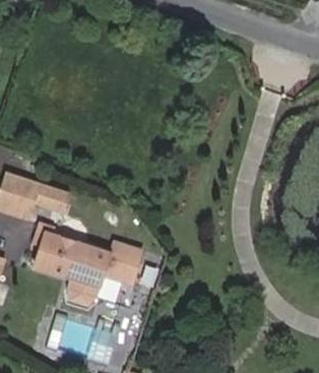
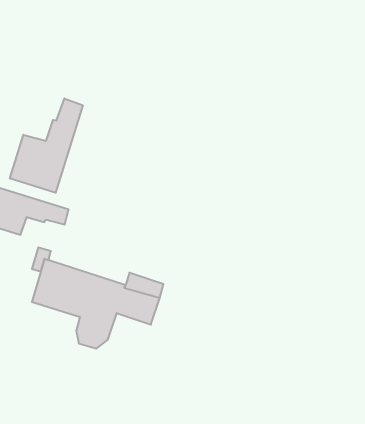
building: none -> [10,98,83,193]

